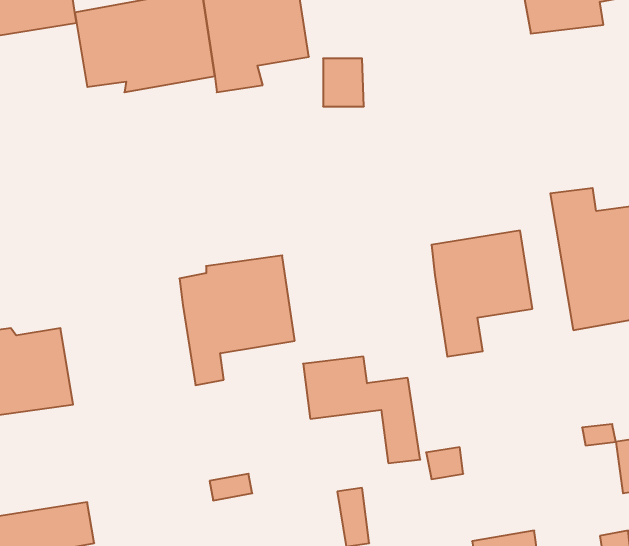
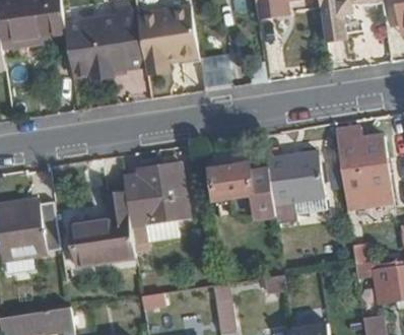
building: none -> [72,192,135,266]
building: [303,357,420,463] -> [209,162,276,223]

